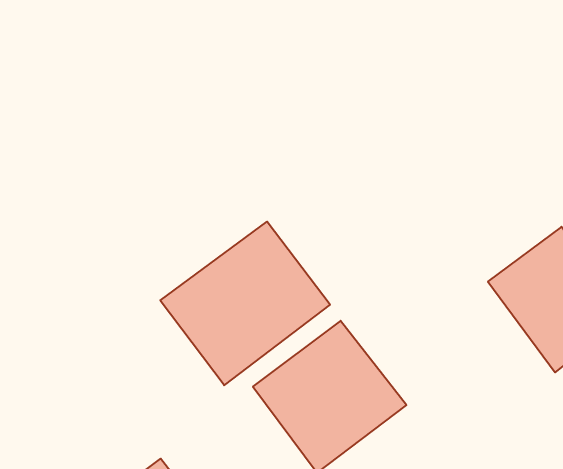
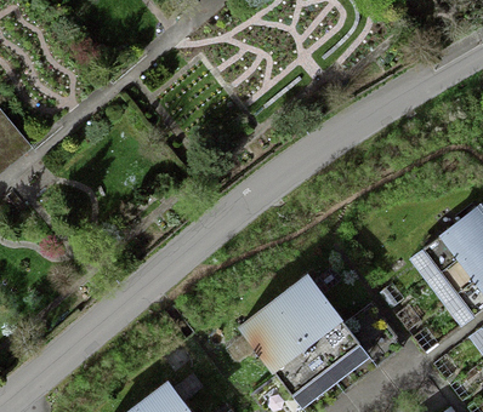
building: [160,222,330,385] -> none

